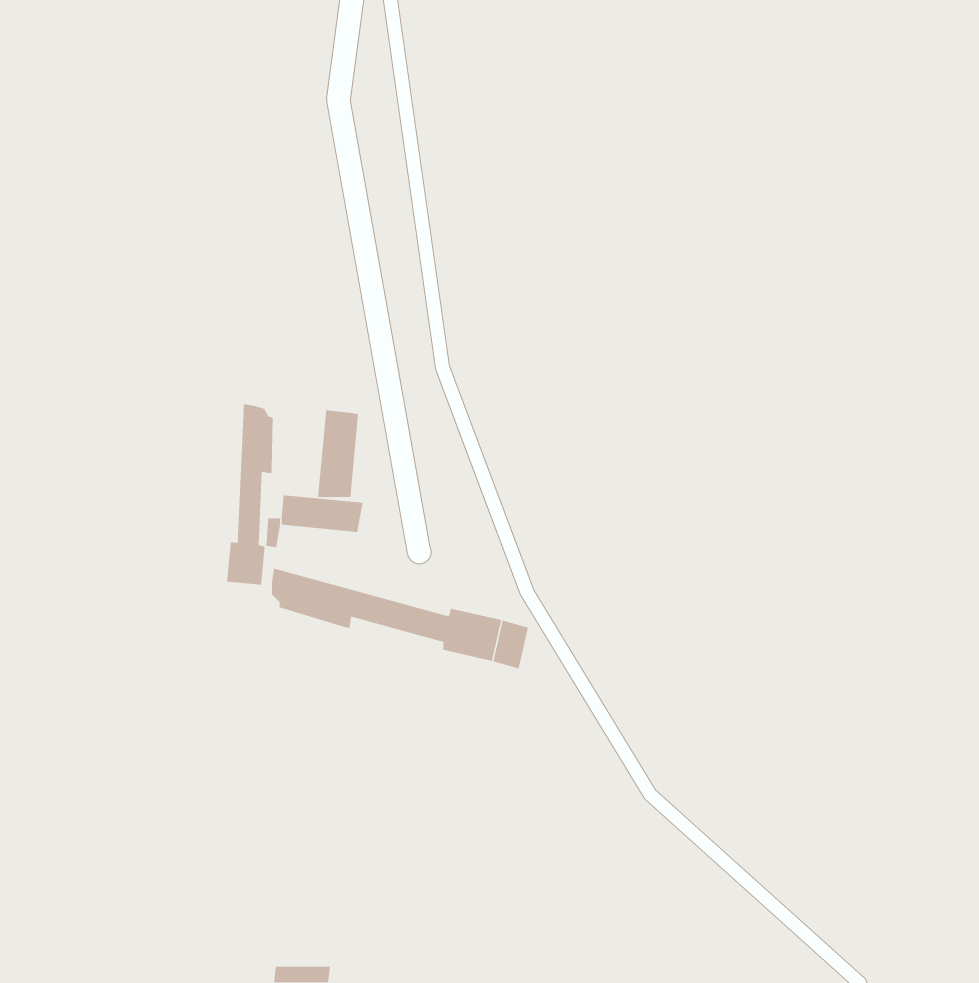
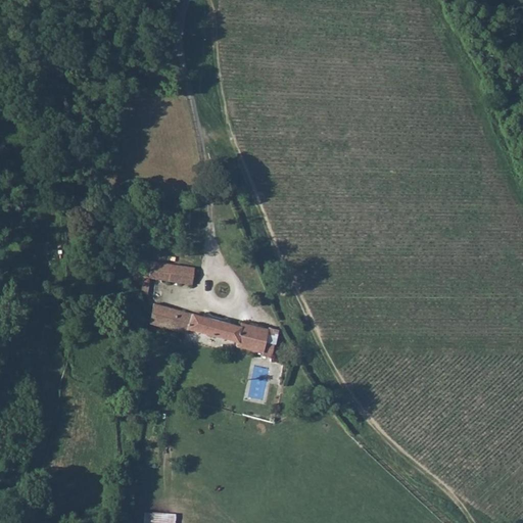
building: [226,403,274,586] -> none
building: [317,409,359,498] -> none

